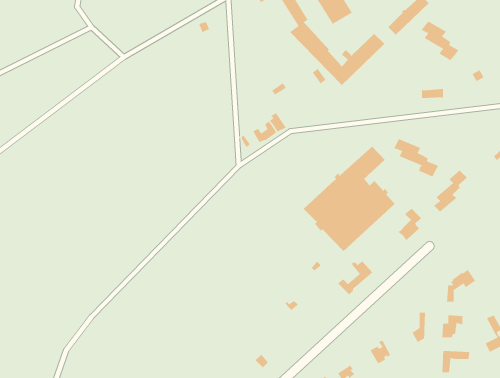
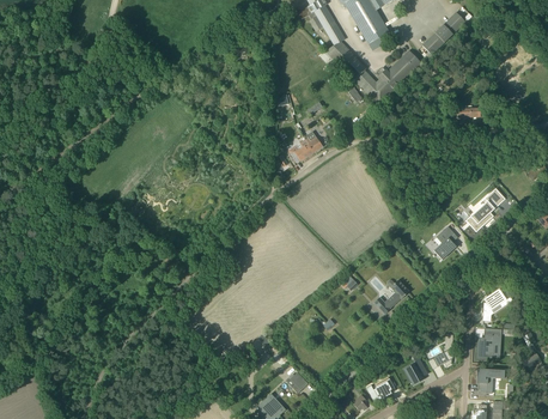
building: [421,21,459,61] -> none
building: [393,138,439,177] -> none
building: [303,146,396,252] -> none

